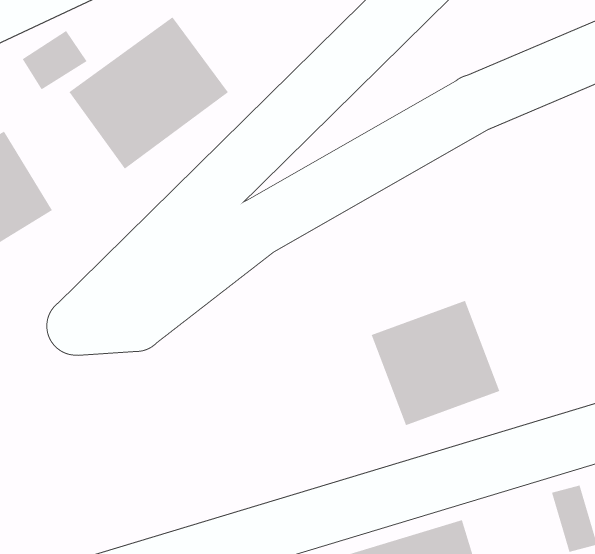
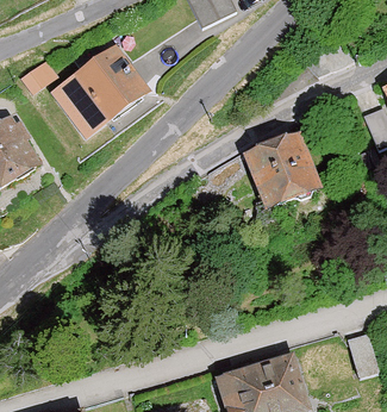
building: [371,300,500,426] -> [242,131,322,208]

